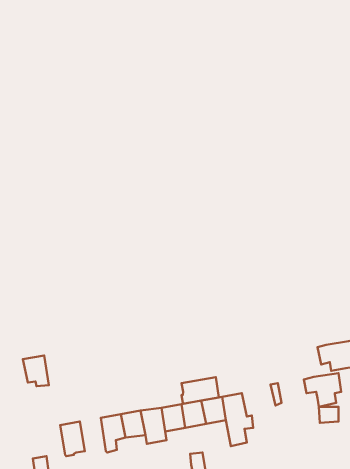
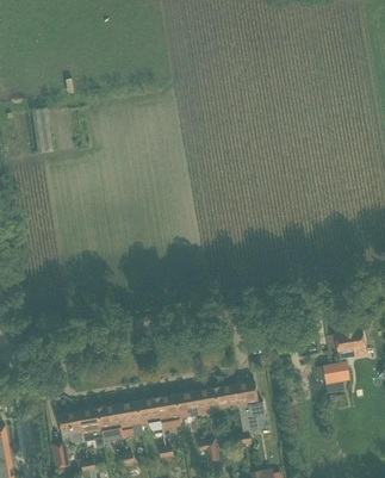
building: [23,355,49,386] -> [57,412,82,442]
building: [181,377,219,403] -> none
building: none -> [97,405,122,439]

